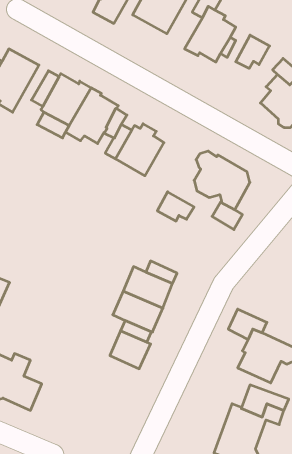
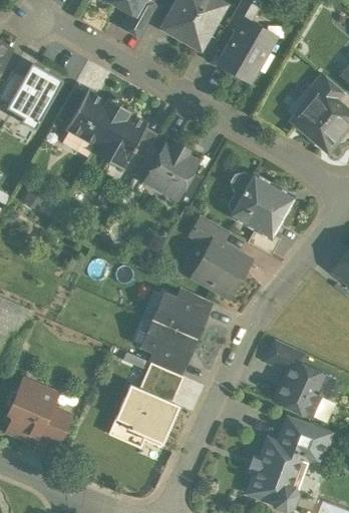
building: [236,35,270,68] -> none
building: none -> [193,240,248,296]
building: none -> [115,385,178,442]

